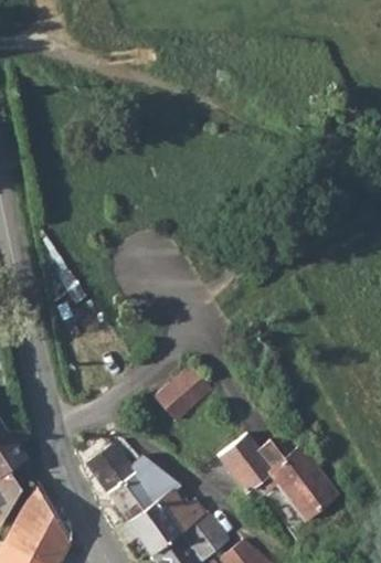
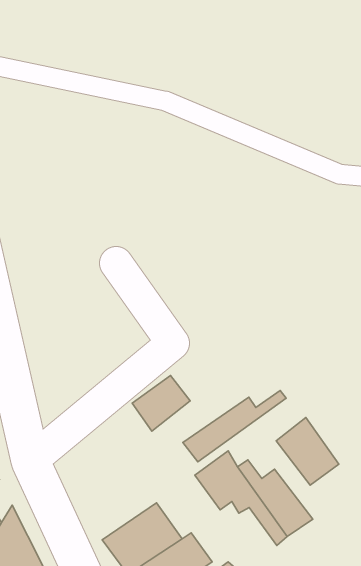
building: none -> [183,391,286,462]
building: none -> [276,418,339,485]
building: [84,437,181,520] -> none

